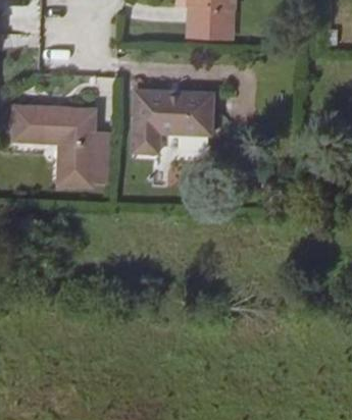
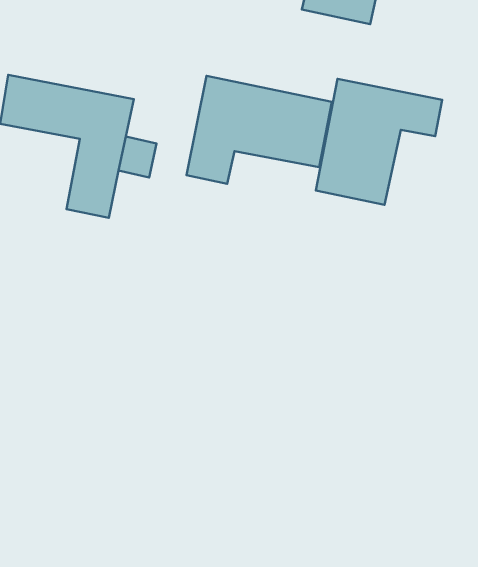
building: none -> [316,79,442,205]

